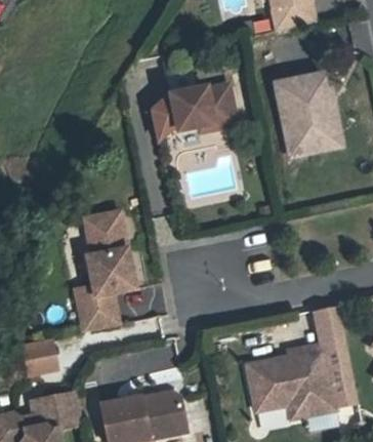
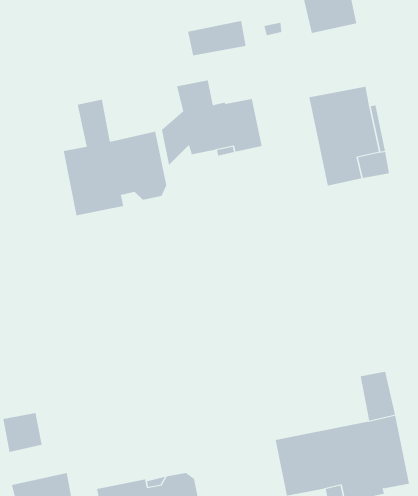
building: none -> [188,20,246,56]
building: none -> [63,99,167,216]
building: [75,210,134,331] -> none

